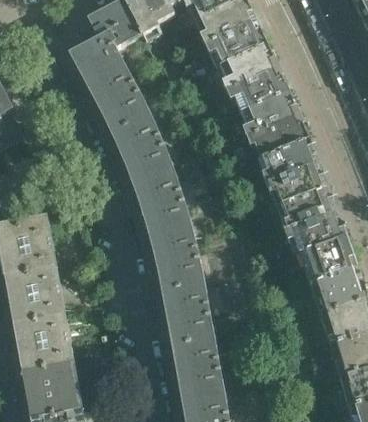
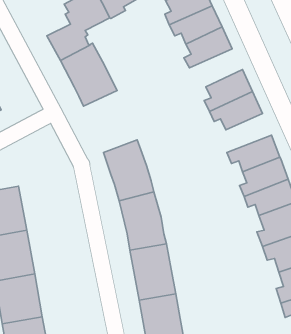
building: [226,65,284,107] -> none
building: [110,111,169,179] -> none
building: [263,136,316,179] -> none

